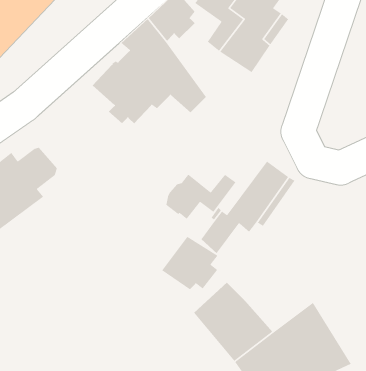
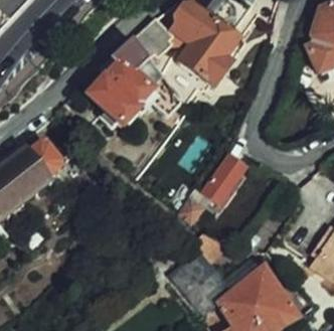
building: [165,173,236,220] -> none
building: [161,236,219,290] -> none

